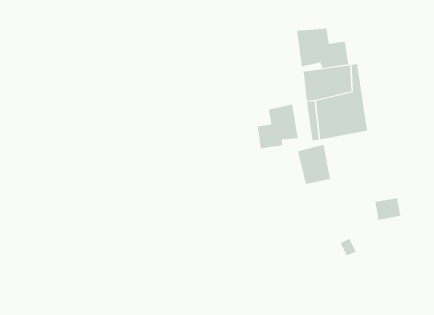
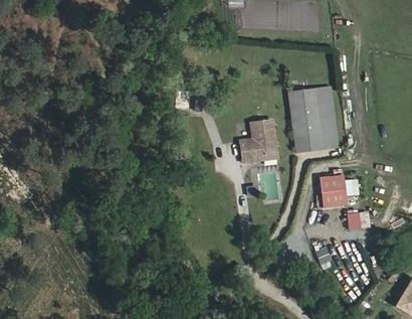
building: [296,28,349,69] -> none
building: [297,144,331,185] -> [322,173,352,209]

